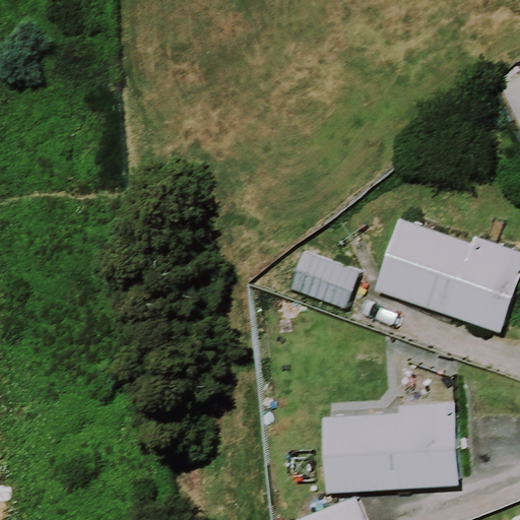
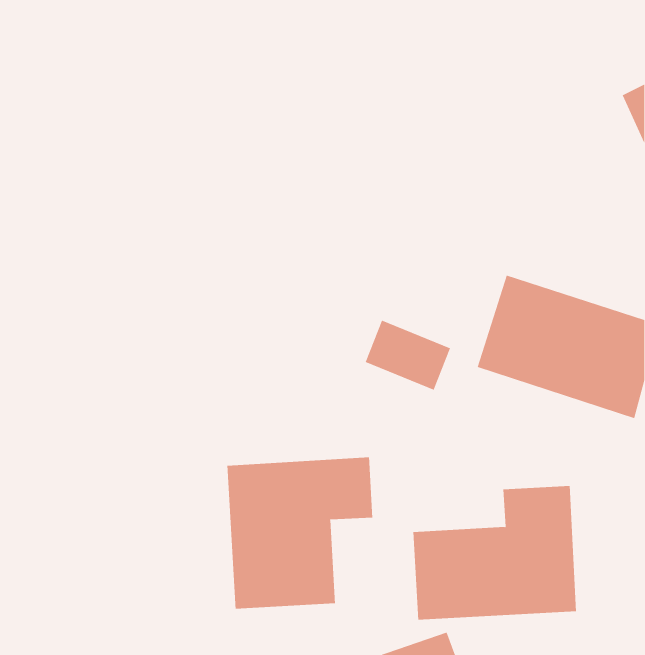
building: none -> [227,456,373,609]

